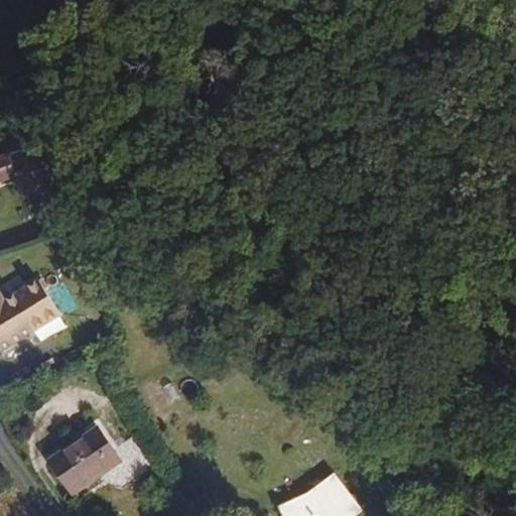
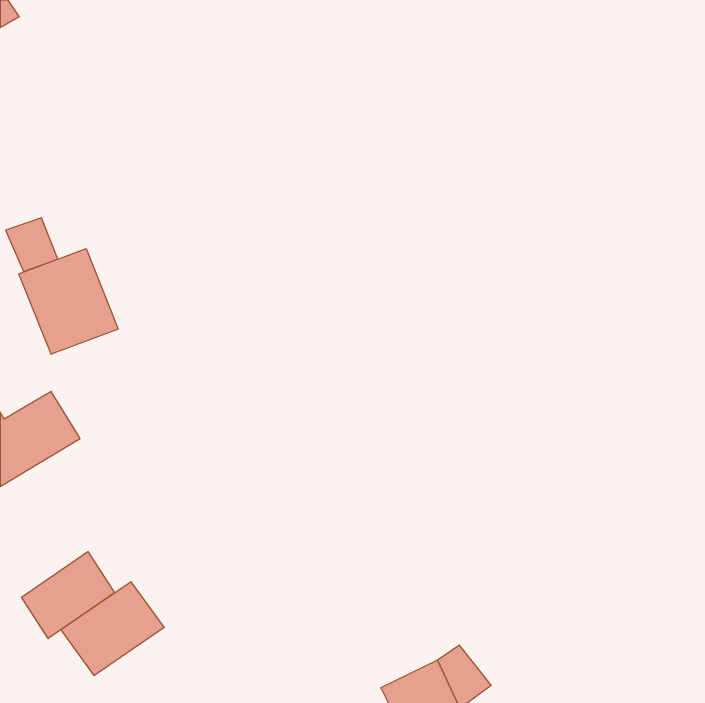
building: none -> [19,249,118,354]
building: none -> [21,552,115,639]

